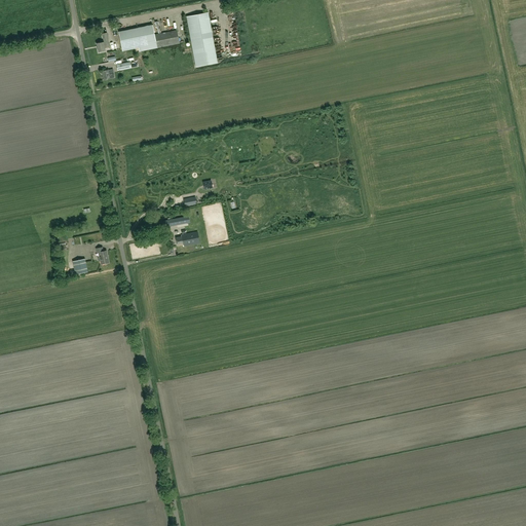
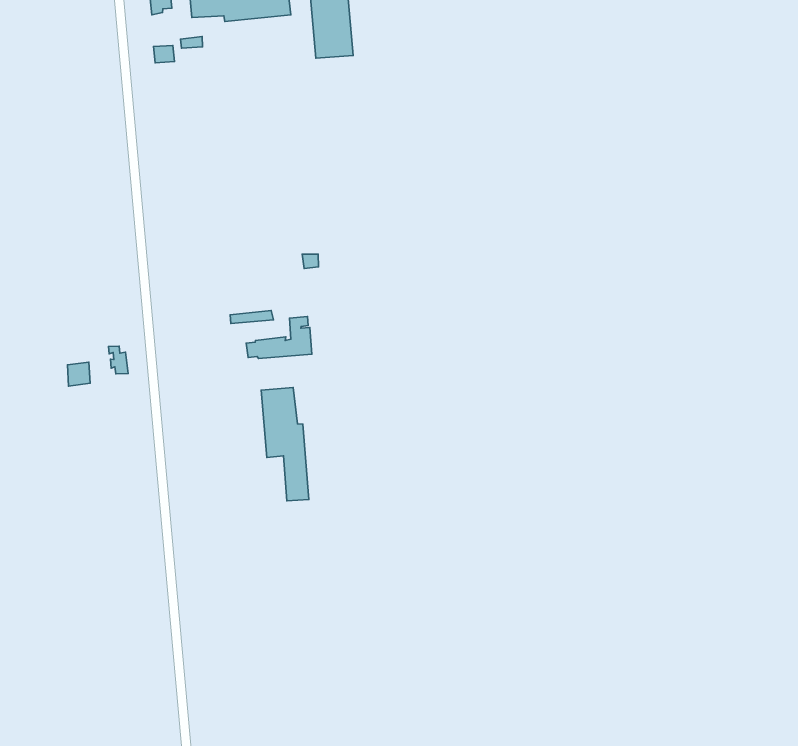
building: none -> [261,388,309,501]

